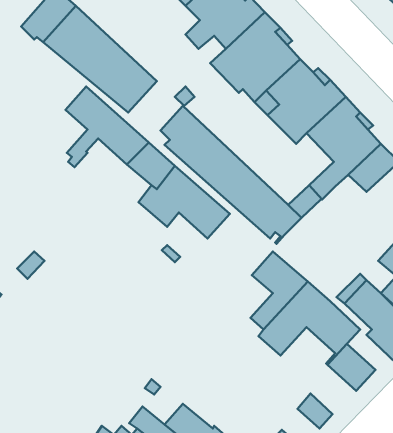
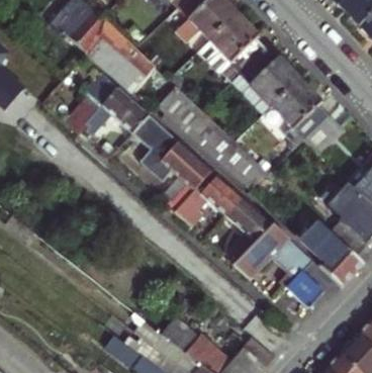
building: none -> [173,169,245,226]

